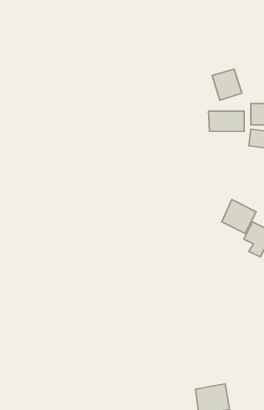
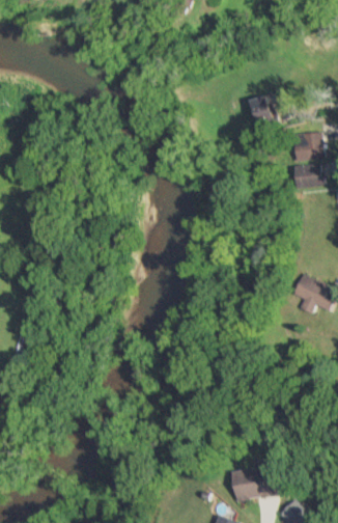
building: [208,111,244,131] -> none
building: [222,200,256,234] -> none

